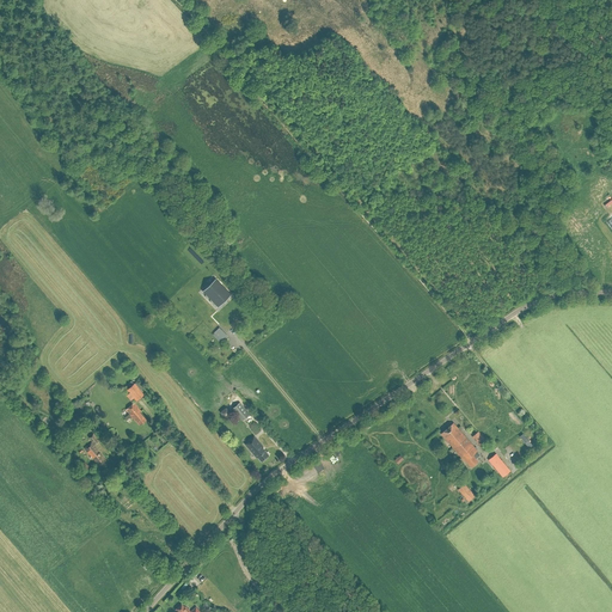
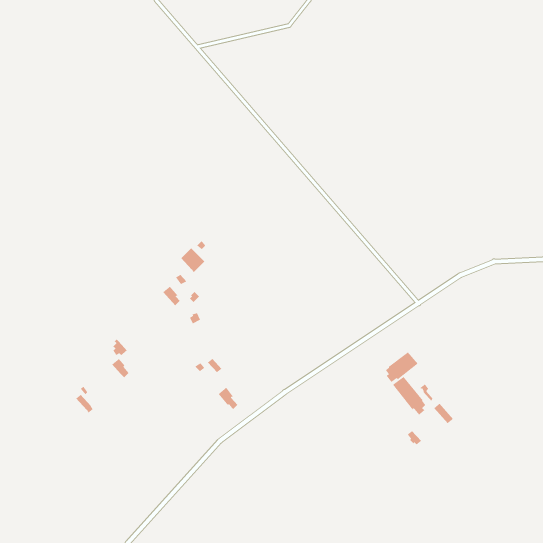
building: none -> [385,352,418,383]

